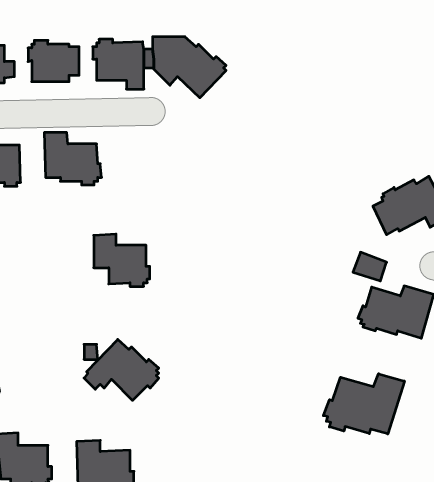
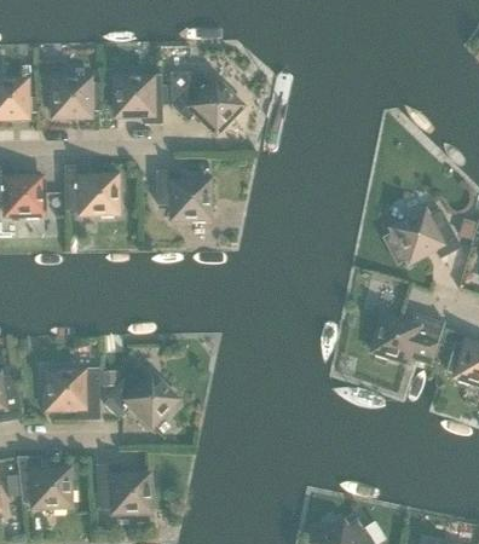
building: [94,234,150,286] -> [156,169,210,220]
building: none -> [42,368,98,418]
building: [323,374,404,434] -> none

